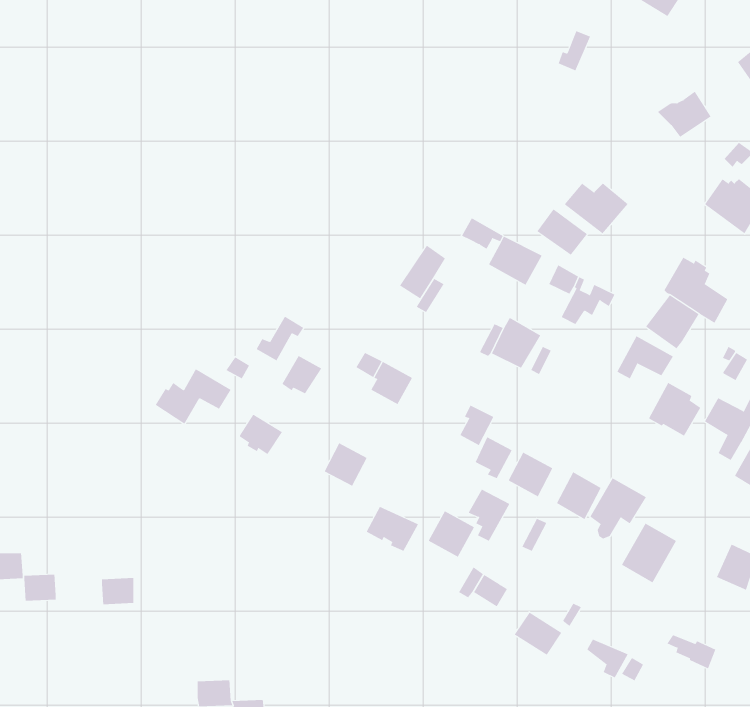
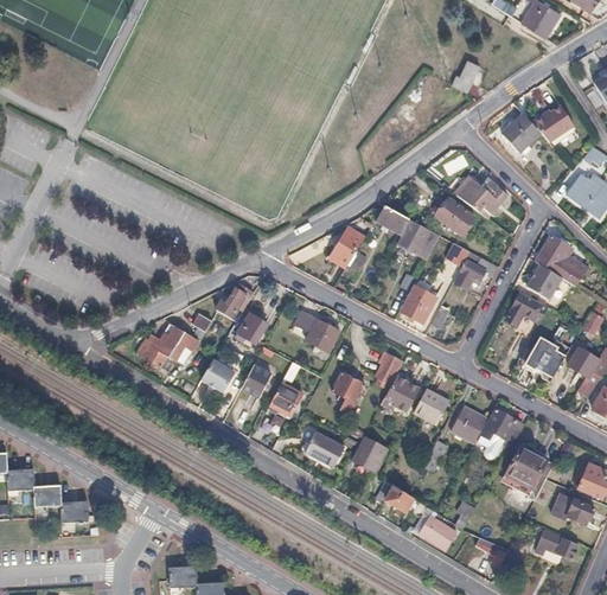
building: none -> [503,114,542,153]
building: none -> [242,364,273,396]
building: [468,489,510,542] -> [331,372,364,414]
building: [101,578,134,605] -> [59,500,85,522]
building: none -> [551,494,595,524]

